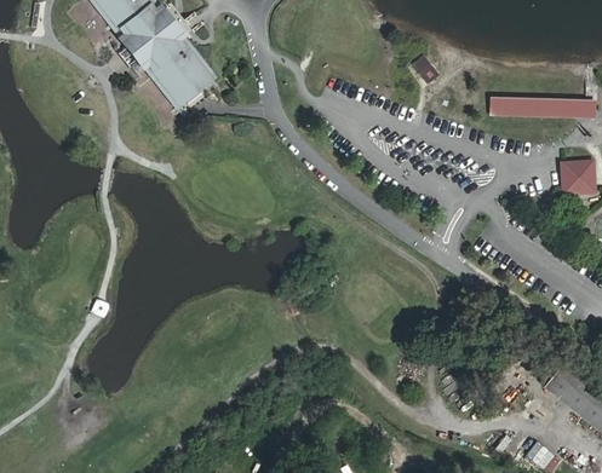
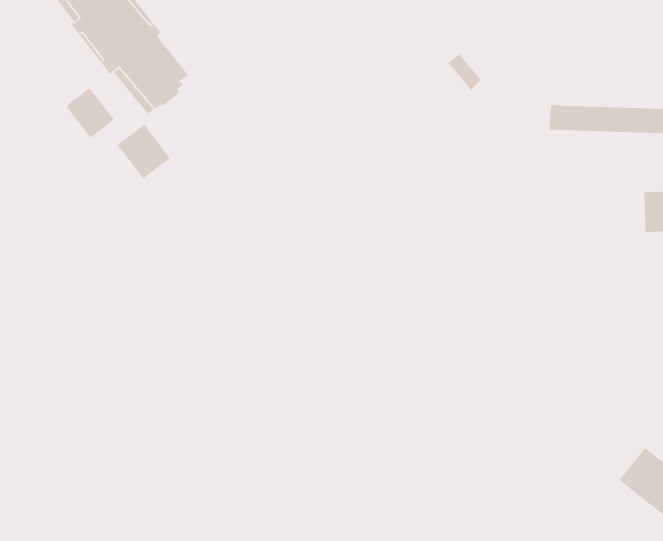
building: none -> [65,87,115,138]
building: none -> [117,124,171,179]

